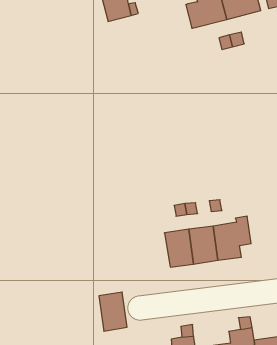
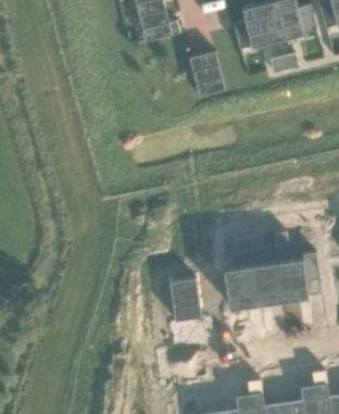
building: none -> [189,51,224,97]
building: [99,292,127,331] -> [170,278,201,322]

